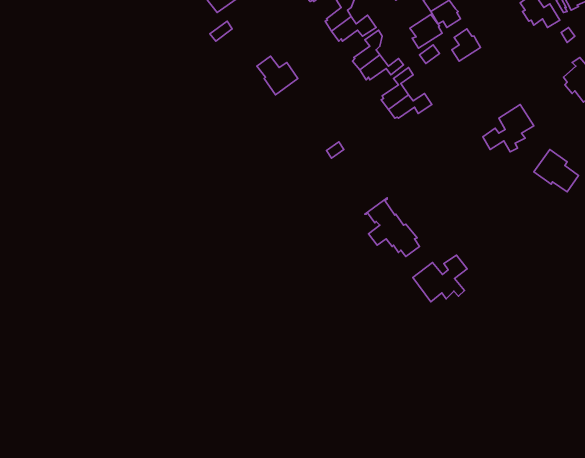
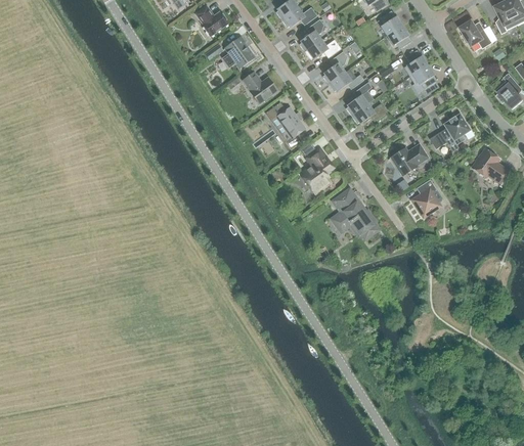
building: none -> [221,36,253,66]
building: [410,15,442,48] -> [409,64,436,92]
building: none -> [270,106,305,148]
building: none -> [390,143,427,175]
building: none -> [299,147,332,191]
building: none -> [410,179,438,217]
building: [413,255,467,302] -> none

